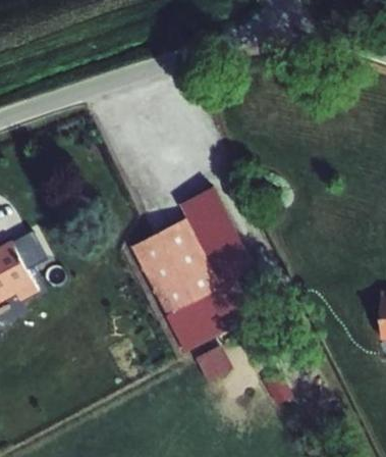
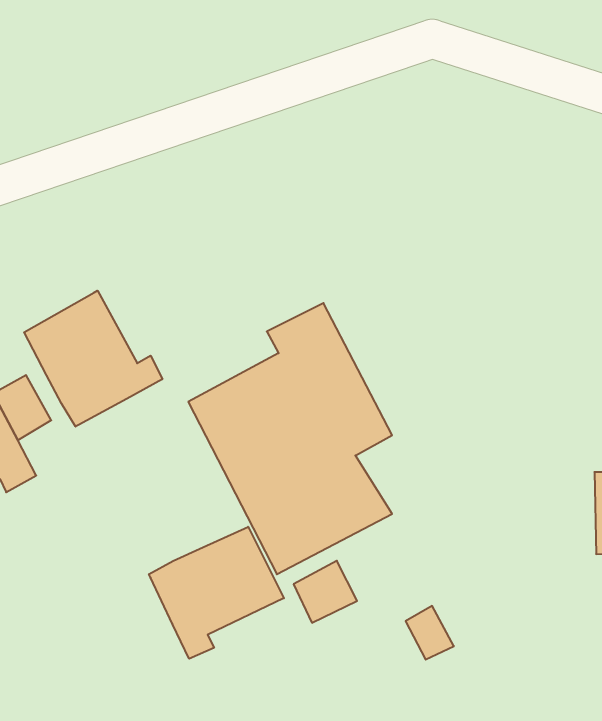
building: none -> [24,291,162,427]
building: none -> [149,527,284,659]

